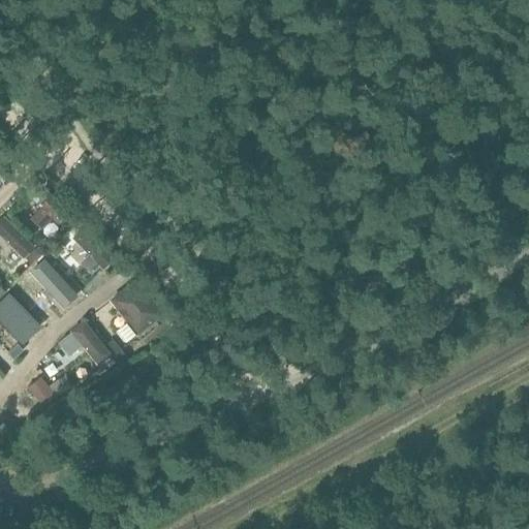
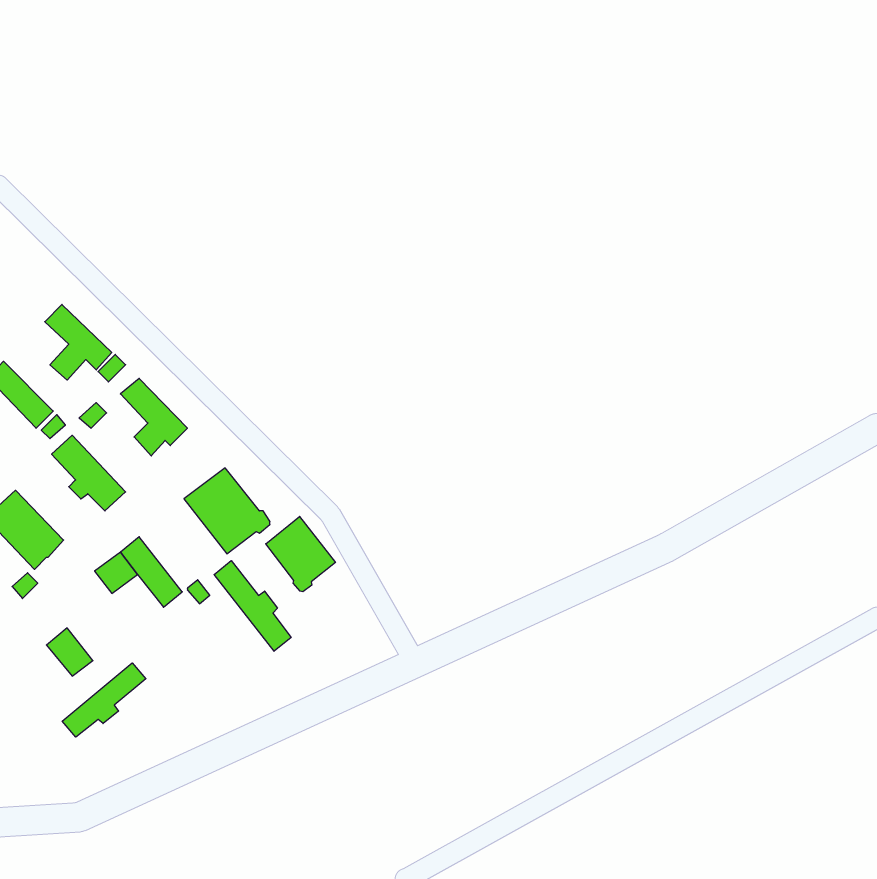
building: none -> [266,516,335,592]
building: none -> [214,561,291,651]
building: none -> [62,663,146,737]

